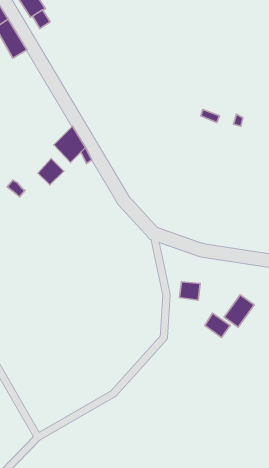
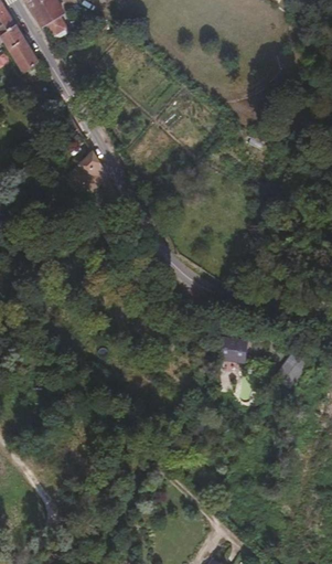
building: [38,159,64,185] -> none
building: [205,313,230,337] -> none

